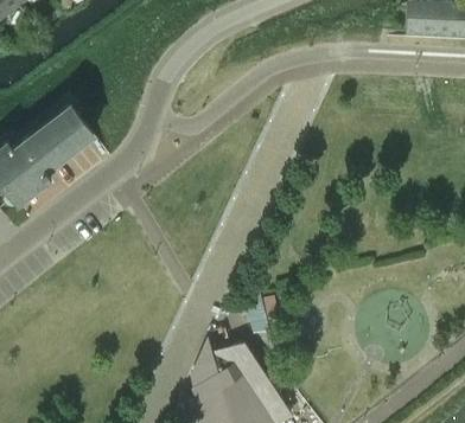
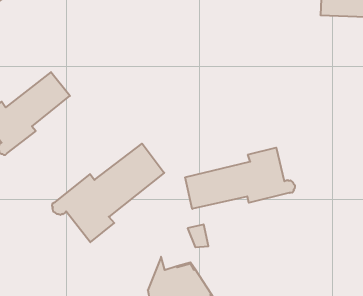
building: none -> [52,144,164,242]
building: none -> [185,148,295,209]

